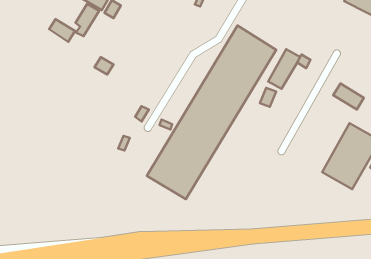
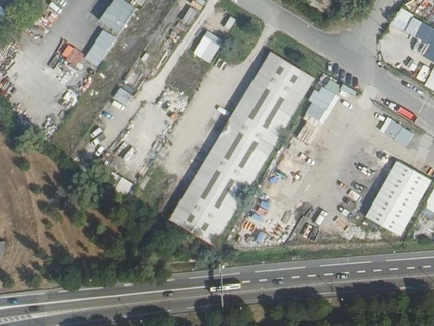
building: none -> [195,30,221,63]

